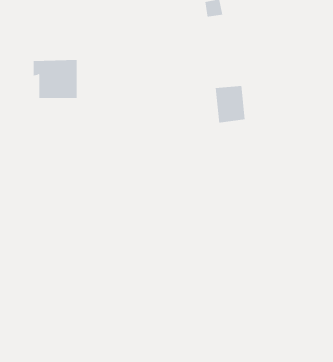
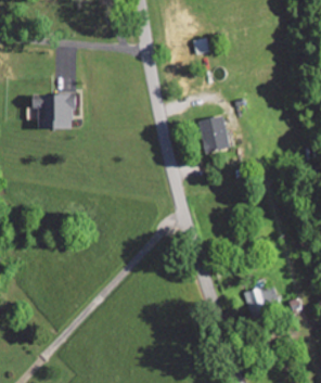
building: none -> [243,283,280,317]

